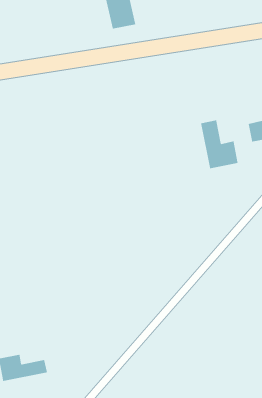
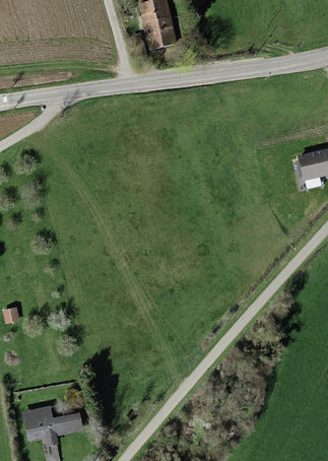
building: [200,120,238,169] -> none

